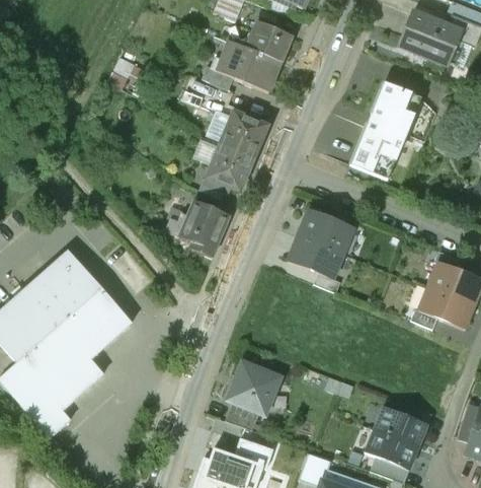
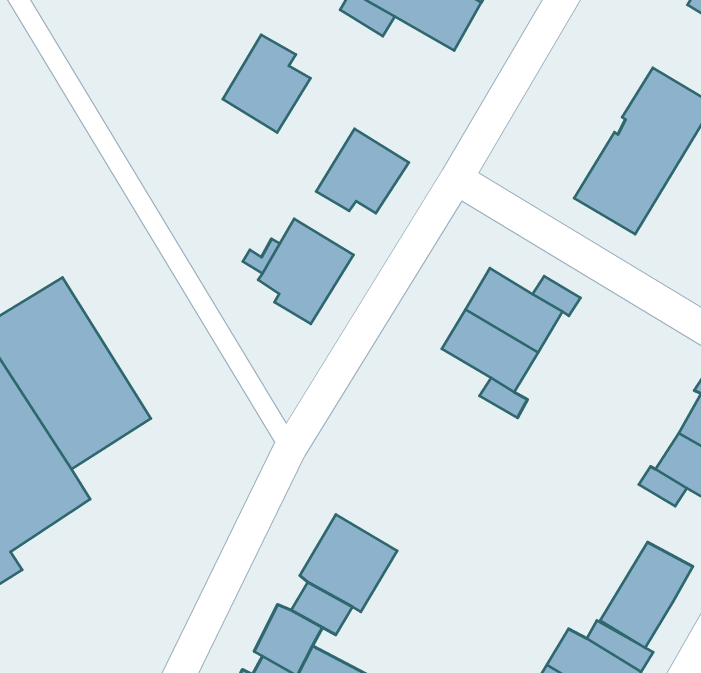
building: [220,103,267,157] -> [223,35,310,132]
building: none -> [600,542,693,648]

